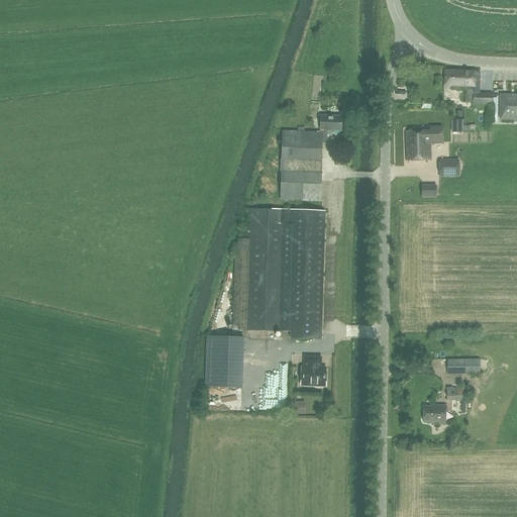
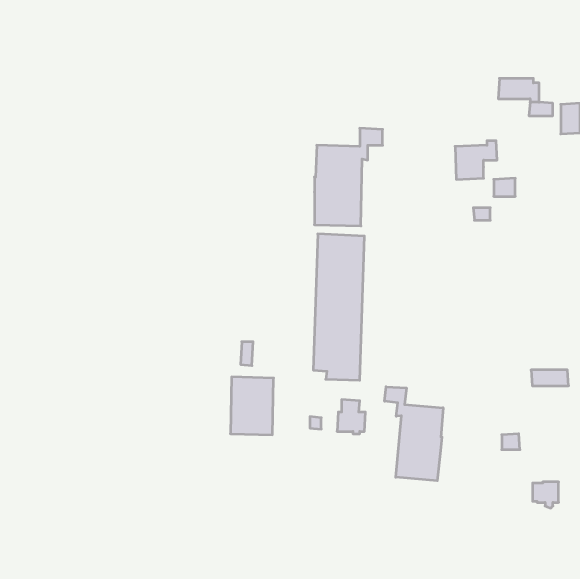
building: [234,207,283,329] -> none
building: none -> [385,387,443,481]
building: [446,358,480,373] -> [531,370,569,386]
building: [422,404,445,427] -> [533,482,559,508]

